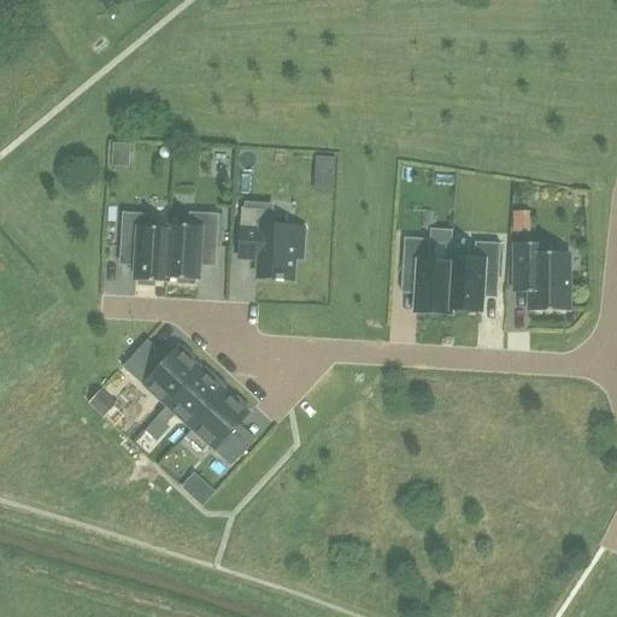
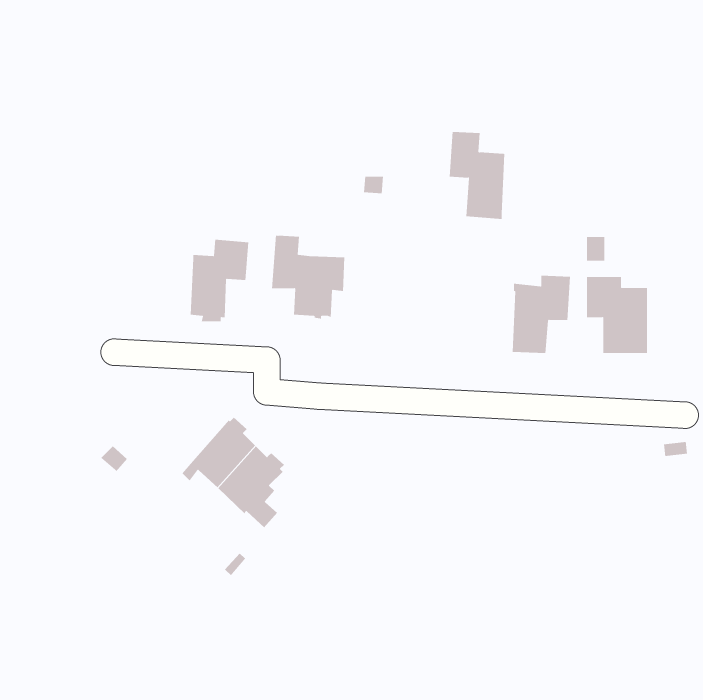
building: [119,211,169,284] -> none
building: [401,236,451,313] -> [449,131,505,219]
building: [121,343,200,406] -> none

